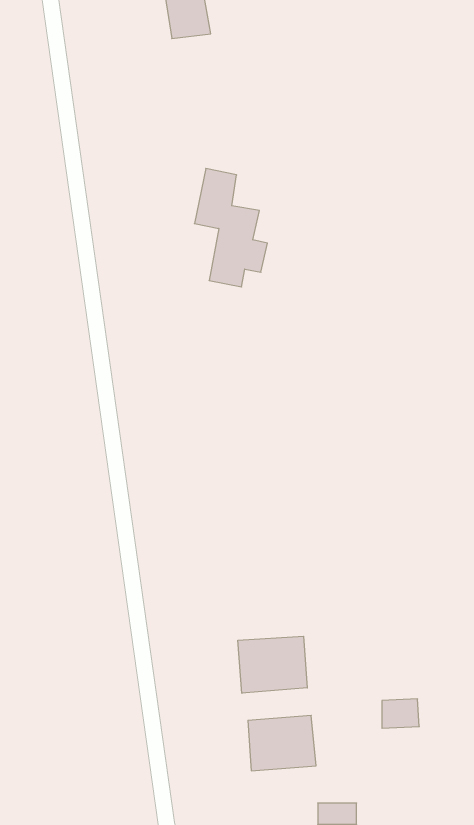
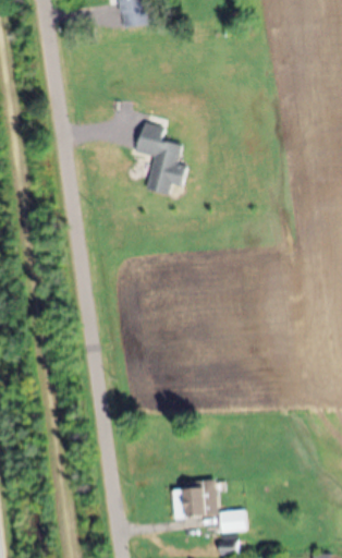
building: [238,636,307,693] -> none
building: [382,699,419,728] -> [221,511,246,531]

